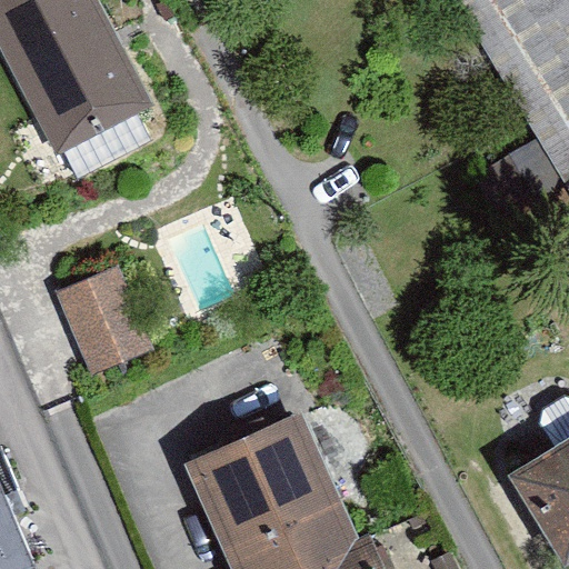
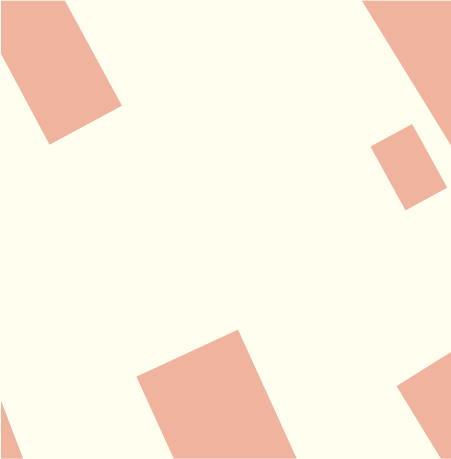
building: [67,259,163,370] -> none

